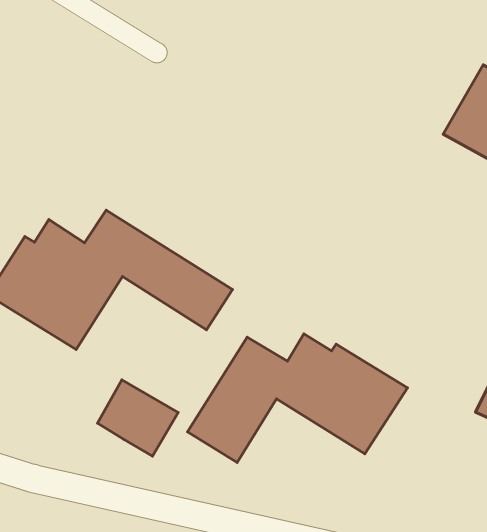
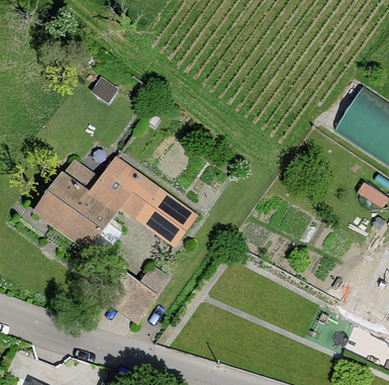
building: [188,334,407,463] -> none

